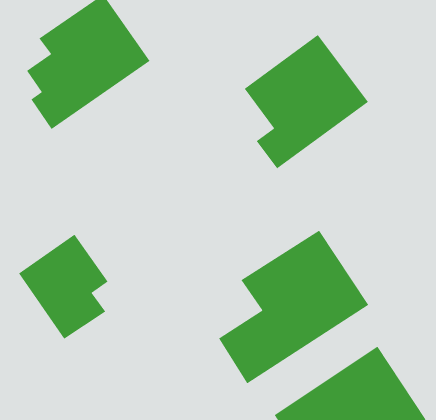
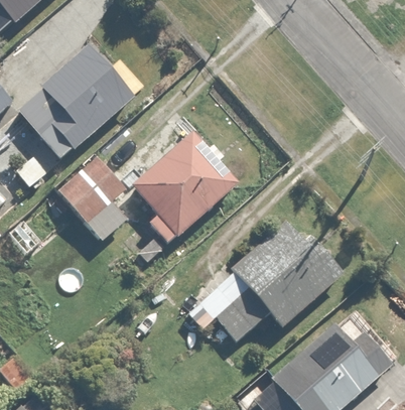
building: [244,34,369,169] -> [131,131,236,247]
building: [18,234,108,340] -> [54,156,131,245]

